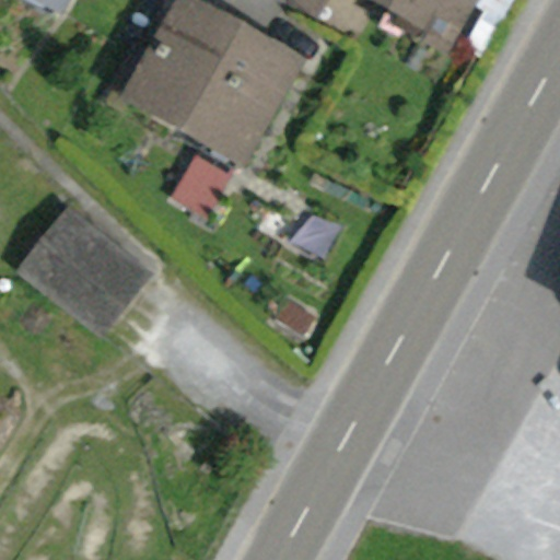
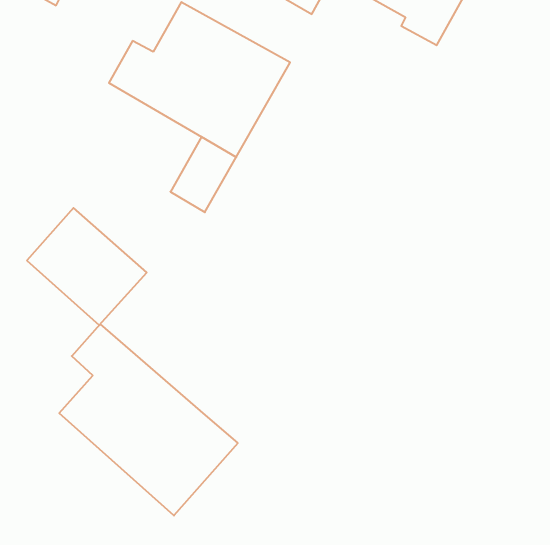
building: none -> [59,324,238,516]

